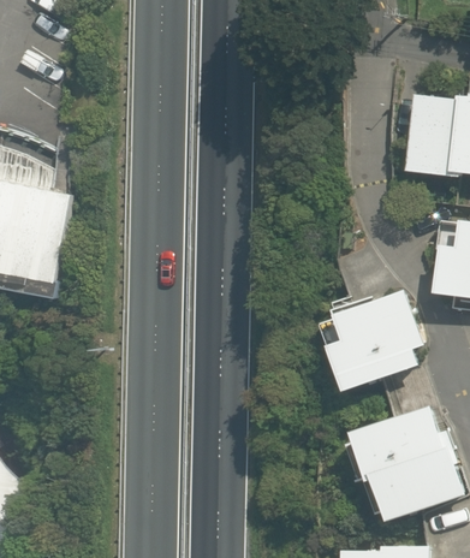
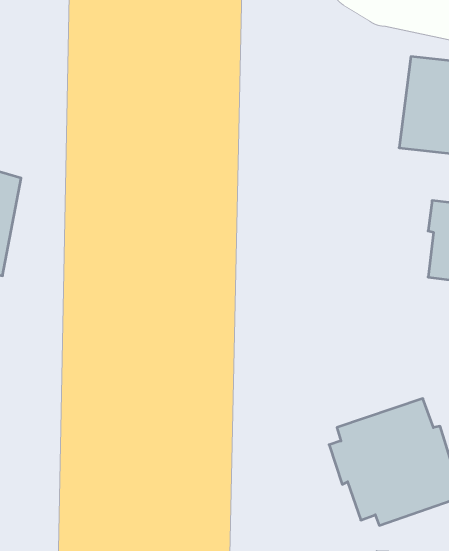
building: [321,289,426,390] -> none

